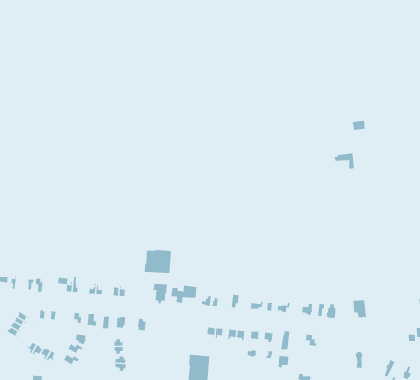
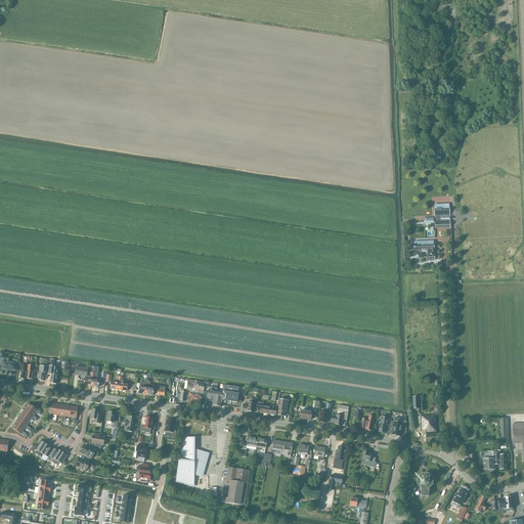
building: [144,249,172,274] -> none
building: none -> [177,437,209,484]

